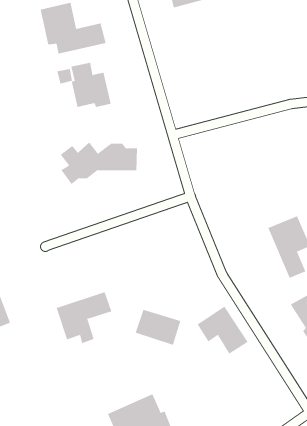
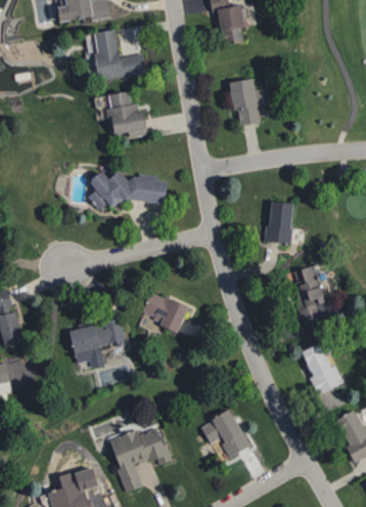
building: none -> [228,78,261,126]
building: none -> [267,201,291,244]
building: [197,306,248,354] -> [200,409,249,457]
building: [135,309,181,346] -> [141,291,188,330]

